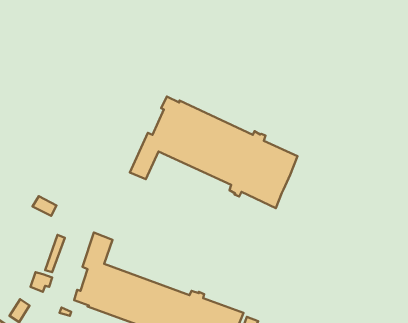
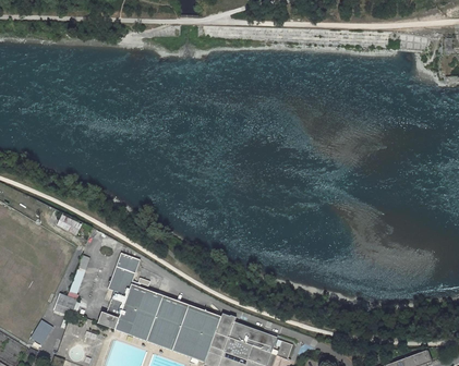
building: [130,97,298,208] -> none

